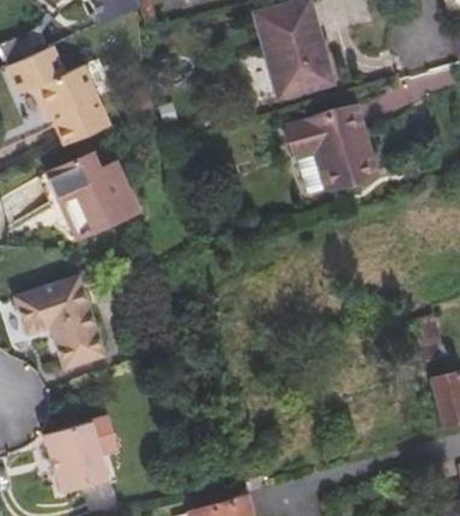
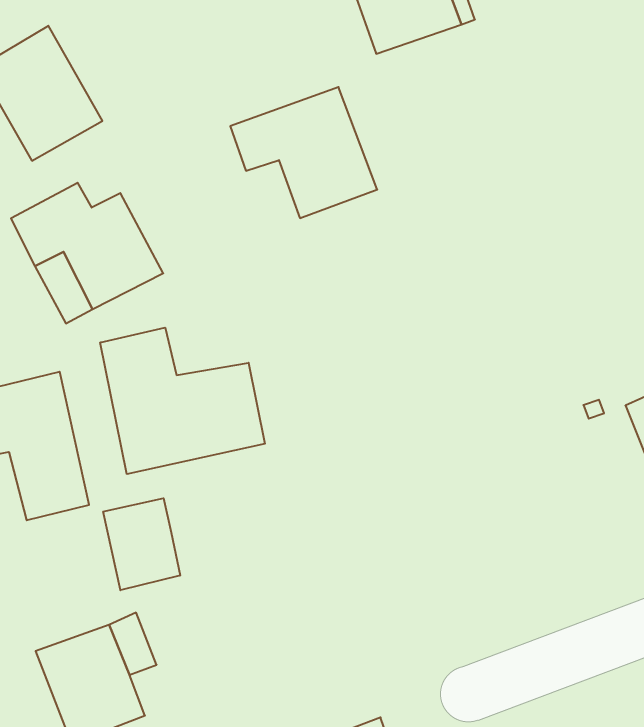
building: [290,108,375,184] -> [230,87,377,218]
building: none -> [100,328,265,474]
building: none -> [103,498,180,590]

